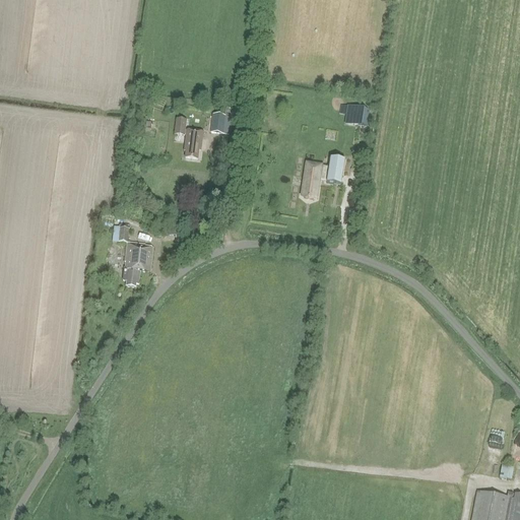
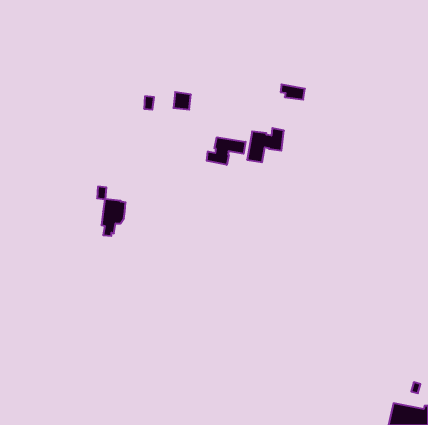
building: [184,128,202,157] -> none
building: none -> [207,137,246,165]

